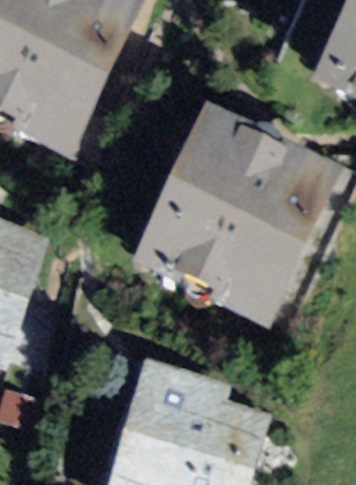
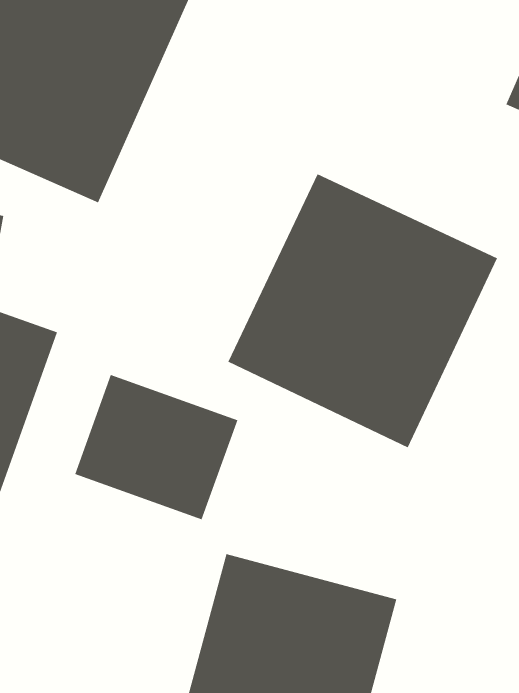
building: none -> [74,374,238,520]

